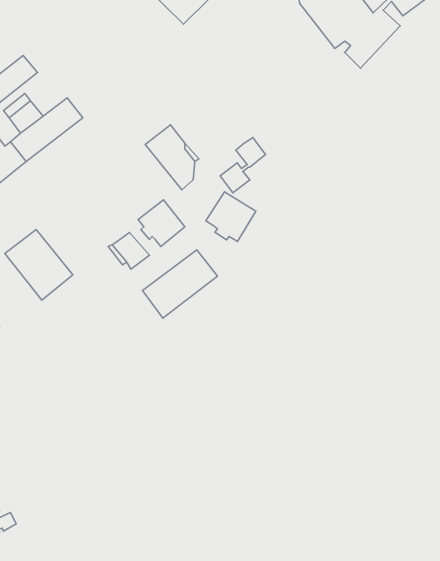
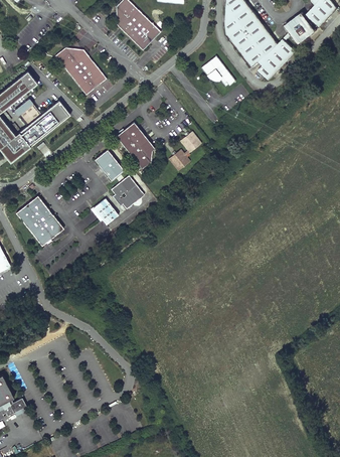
building: none -> [55,47,107,96]
building: none -> [202,55,236,87]
building: none -> [95,149,124,180]
building: [206,192,256,242] -> none
building: [143,250,218,318] -> none

